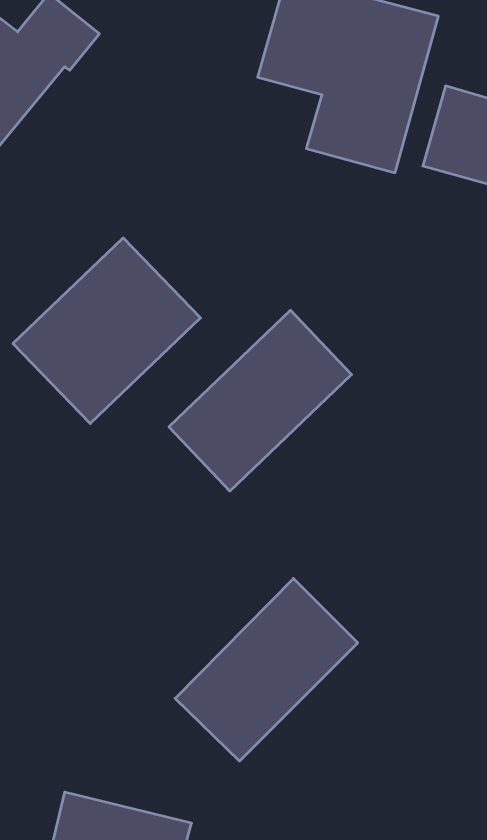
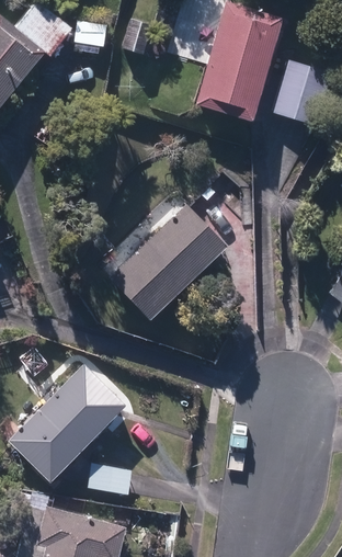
building: [13,238,201,424] -> none
building: [175,578,358,761] -> [11,364,126,479]

